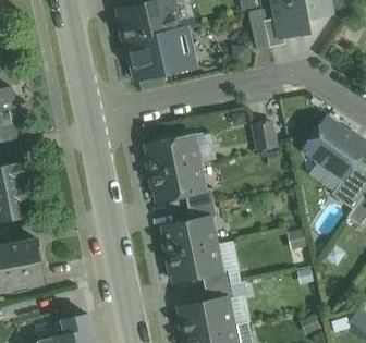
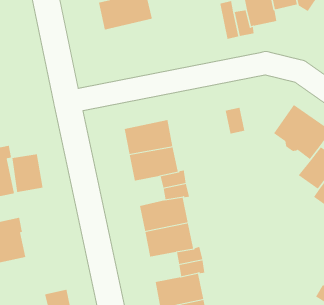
building: [125,26,194,79] -> none
building: none -> [12,154,43,193]

